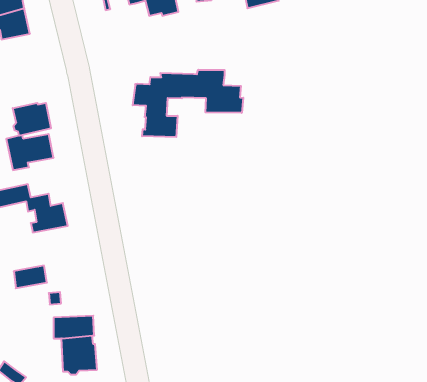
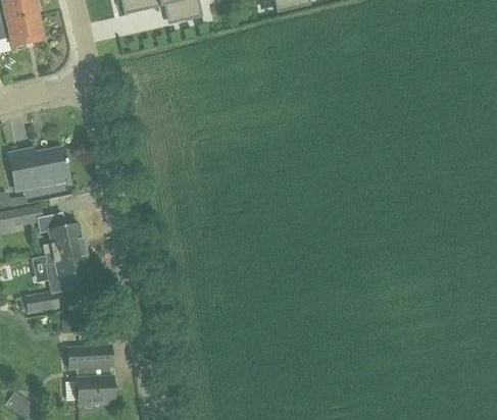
building: [133,70,243,137] -> none
building: [13,103,51,136] -> none
building: none -> [45,247,90,291]

